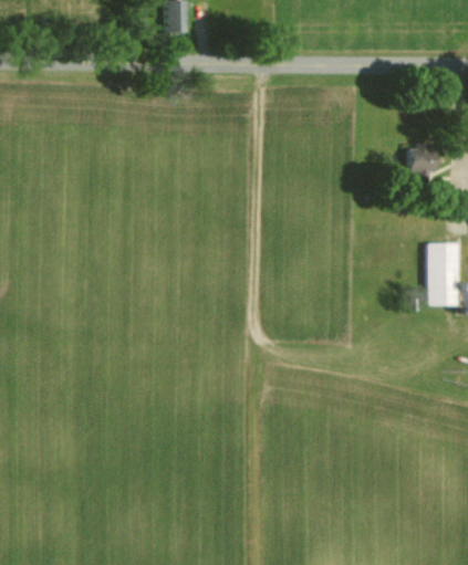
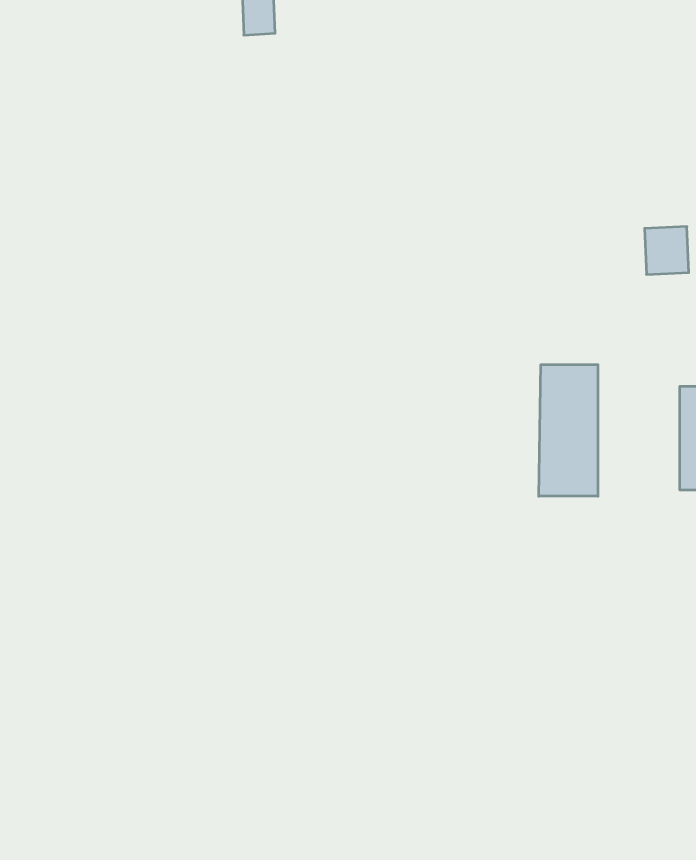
building: none -> [539,365,598,496]

